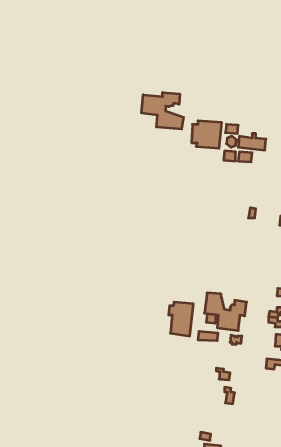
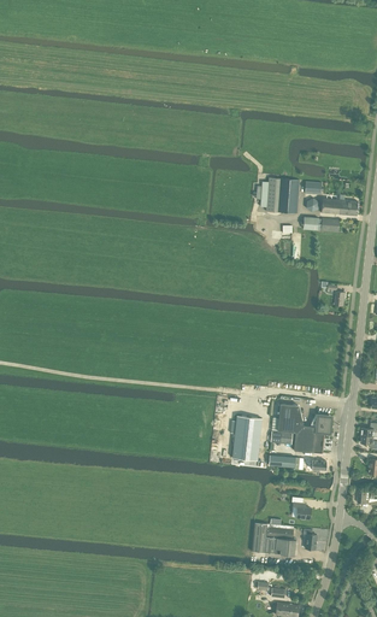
building: [142,92,184,129] -> none
building: none -> [251,522,294,556]

